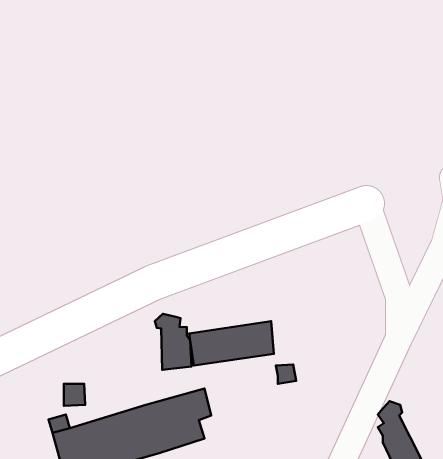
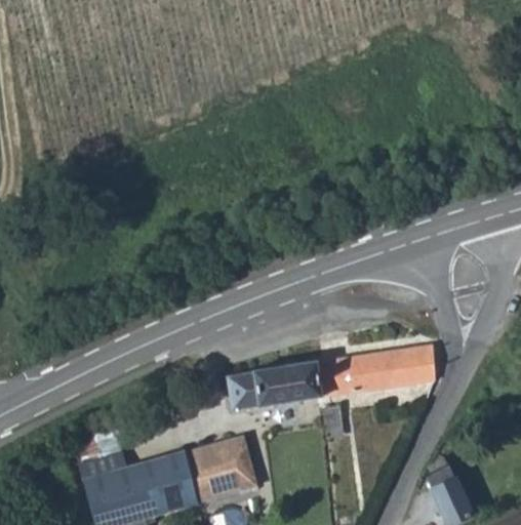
building: none -> [315,346,440,404]
building: [155,314,192,370] -> none

